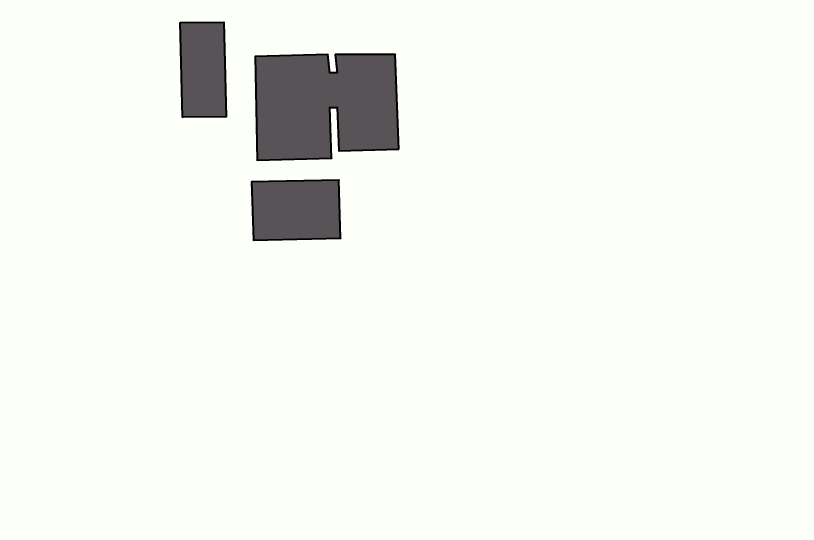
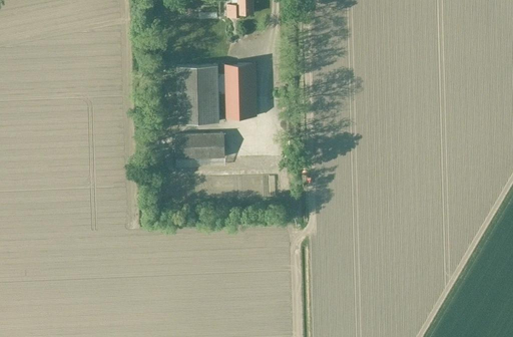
building: [180,22,226,117] -> none

